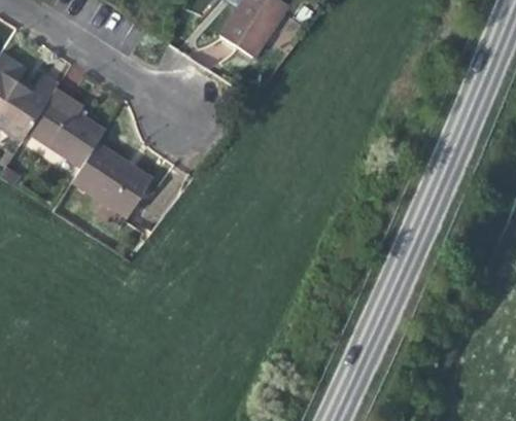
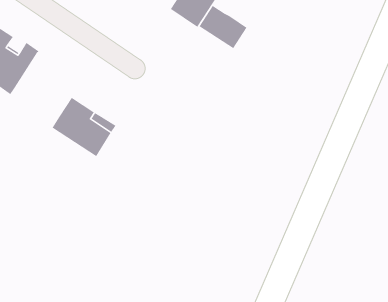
building: none -> [199,5,247,49]
building: [28,89,104,167] -> none

